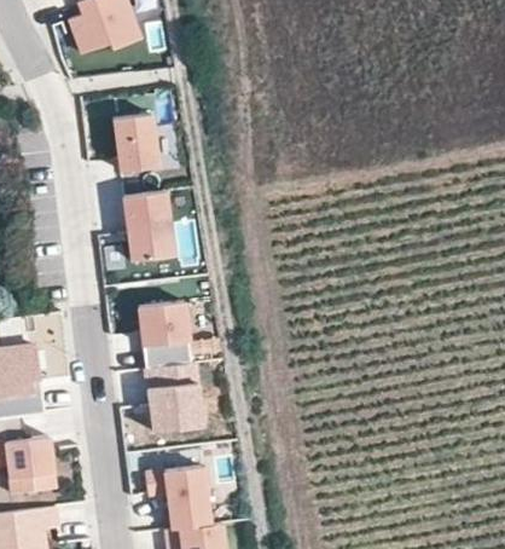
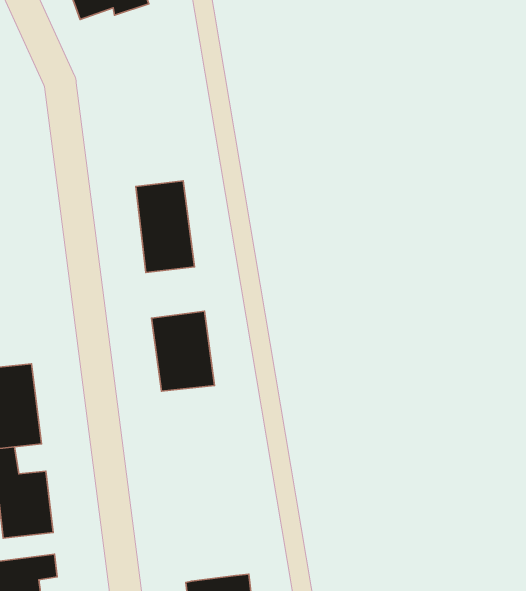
building: [114,112,157,171] -> none
building: [147,363,203,432] -> none
building: [146,467,210,530] -> none

